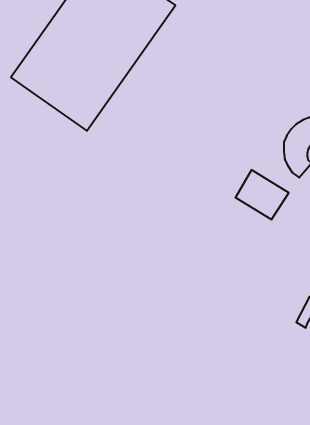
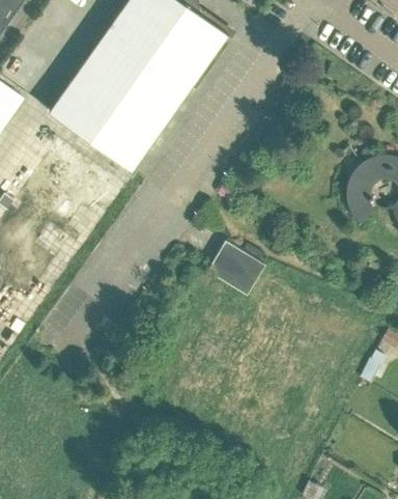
building: [235,170,289,219] -> [207,241,265,295]

